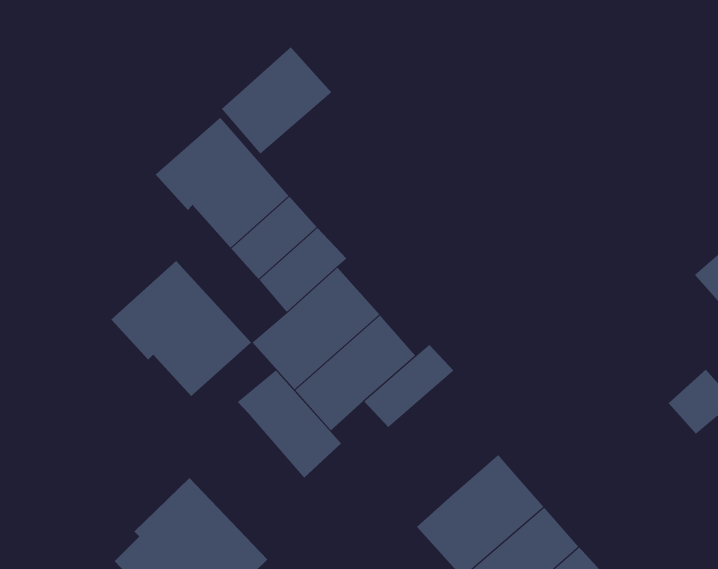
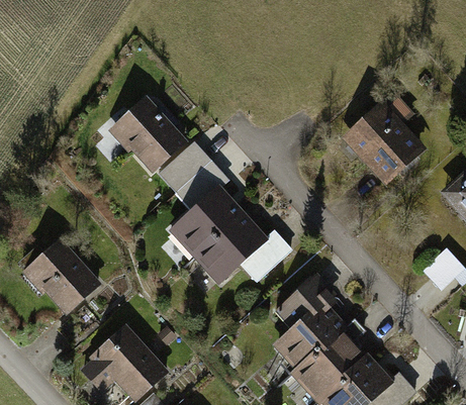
building: [221,47,332,154] -> none
building: none -> [342,94,426,186]
building: [110,260,252,397] -> [23,229,110,313]
building: [237,369,342,478] -> none
building: none -> [274,277,335,328]

